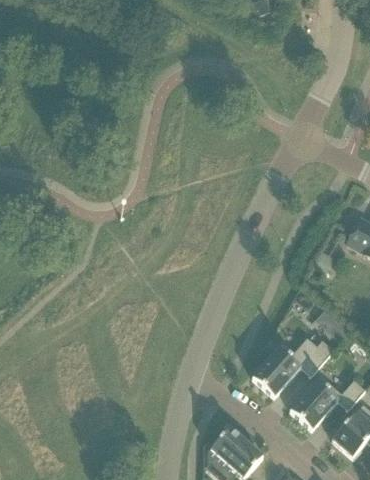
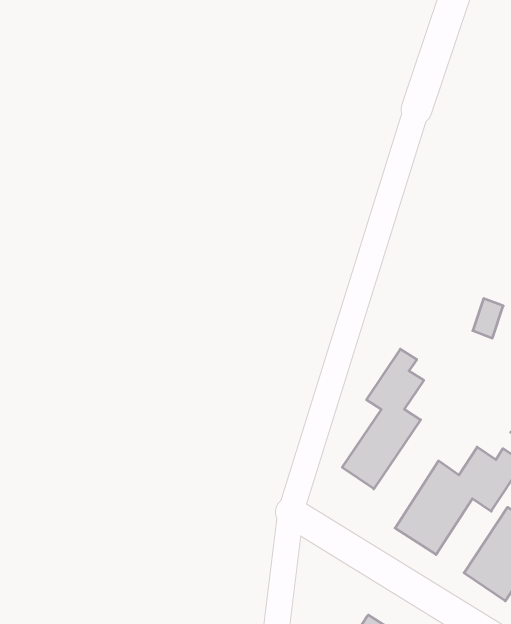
building: none -> [342,349,424,489]

